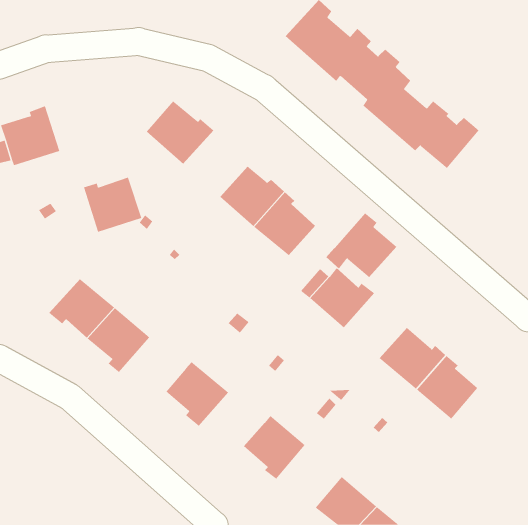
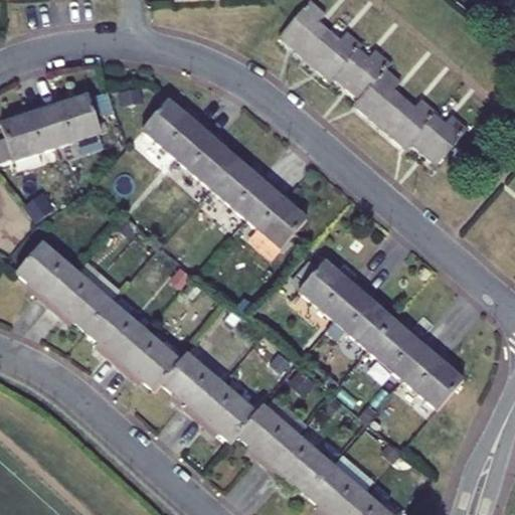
building: none -> [178,127,240,191]
building: [83,177,142,233] -> [44,93,102,147]
building: [326,213,397,278] -> [326,285,395,348]
building: none -> [19,242,77,304]
building: none -> [116,328,180,388]
building: none -> [193,381,256,440]
building: none -> [269,433,332,493]

